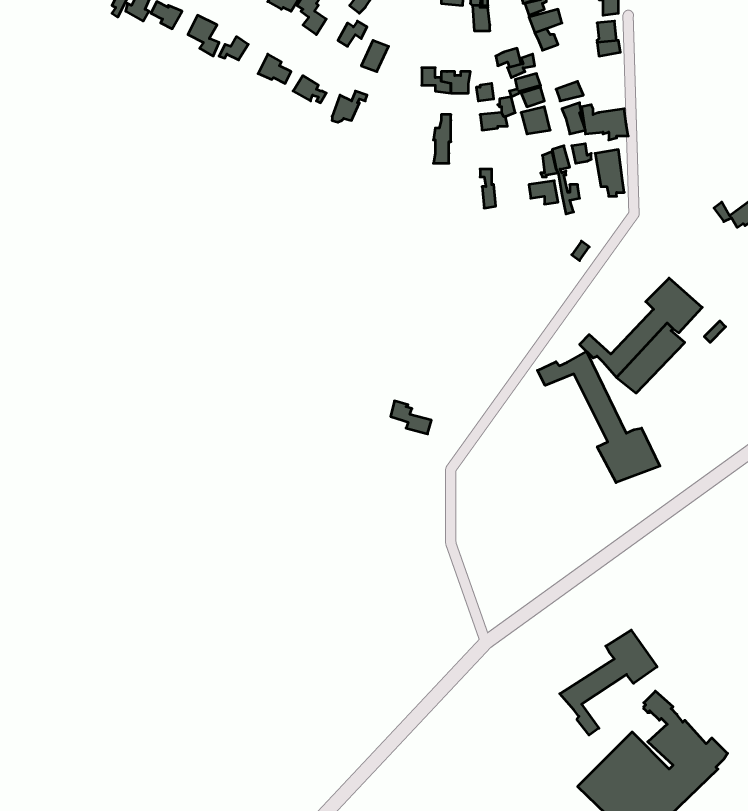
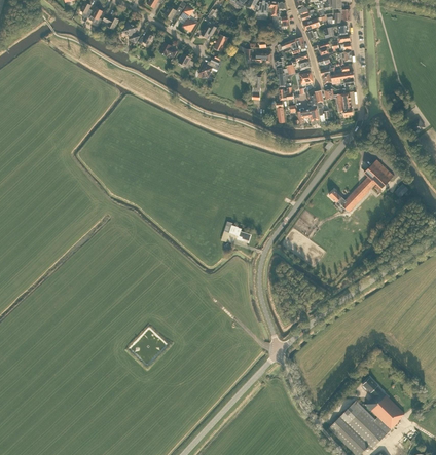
building: [537,351,660,483] -> none
building: [560,630,657,735] -> none

